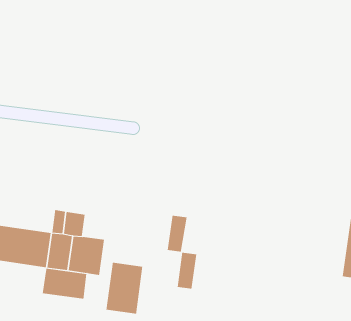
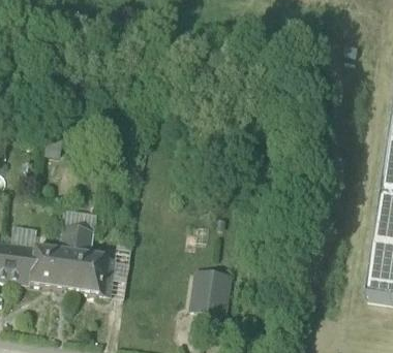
building: [167,215,187,252] -> [209,271,231,311]
building: [106,262,143,315] -> none
building: [42,268,87,300] -> none

